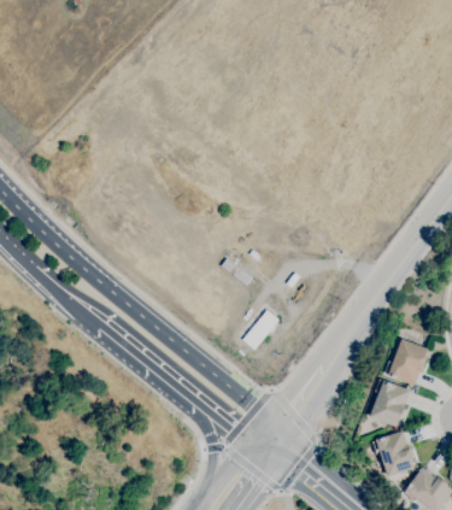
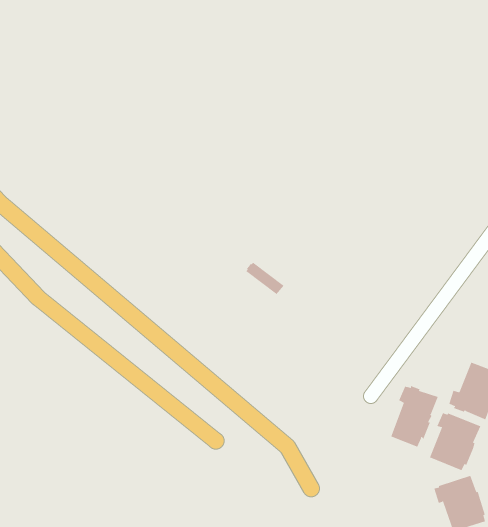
building: [243,310,280,348] -> none
building: none -> [390,385,438,447]

